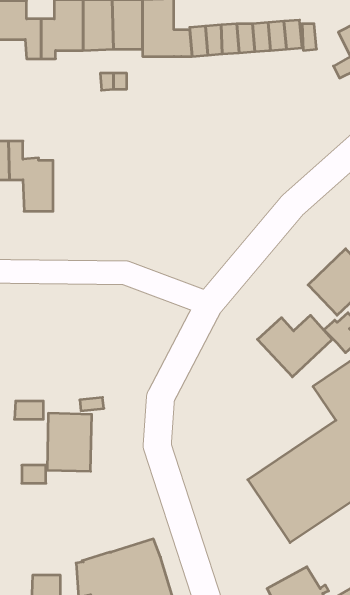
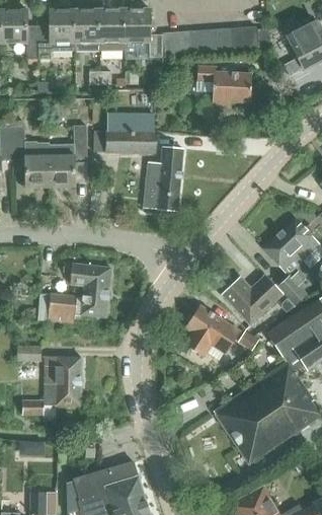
building: none -> [195,67,249,105]
building: none -> [106,114,154,153]
building: none -> [49,126,85,187]
building: none -> [143,146,182,211]
building: none -> [37,263,111,322]
building: none -> [183,305,239,356]

